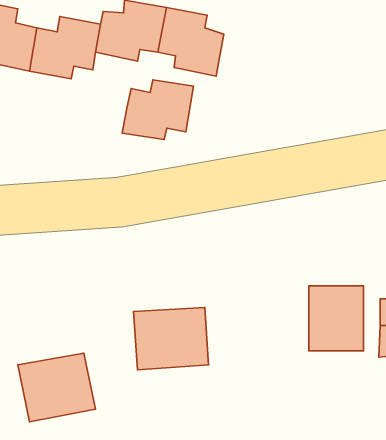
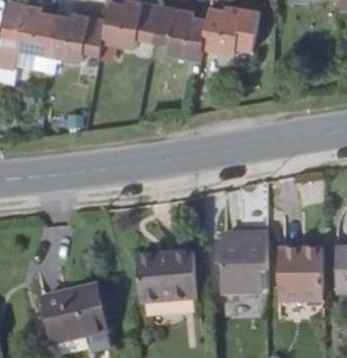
building: [122,80,193,139] -> [204,7,262,56]
building: none -> [218,239,266,294]

